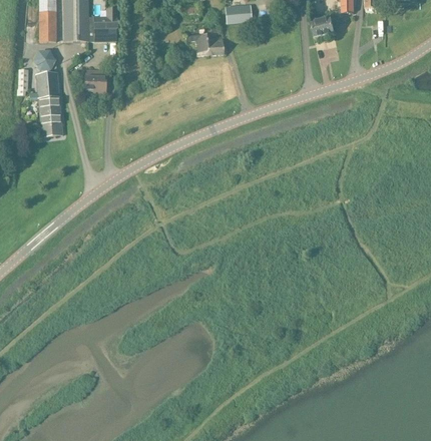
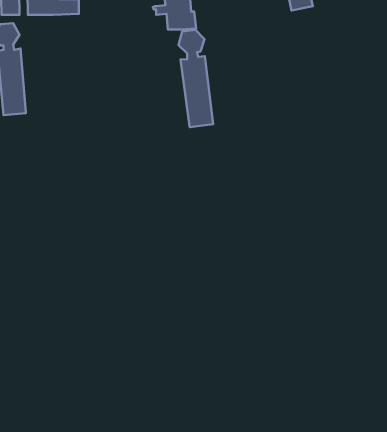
building: none -> [178,30,213,127]
building: [84,71,105,93] -> none

